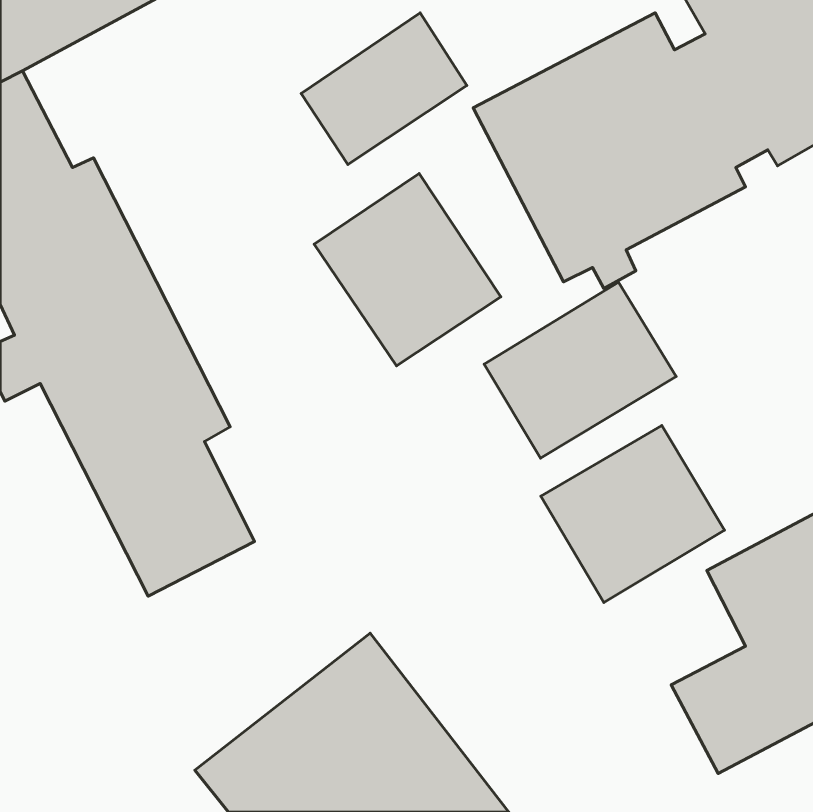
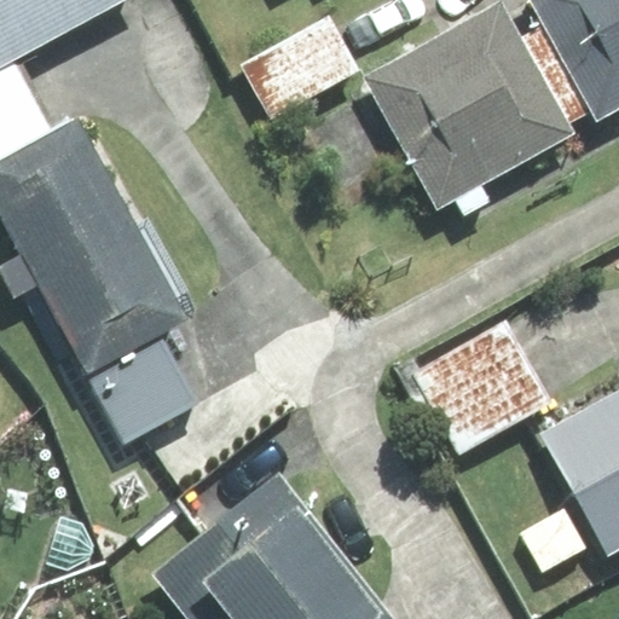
building: [314,174,501,366] -> none
building: [484,282,676,458] -> none

